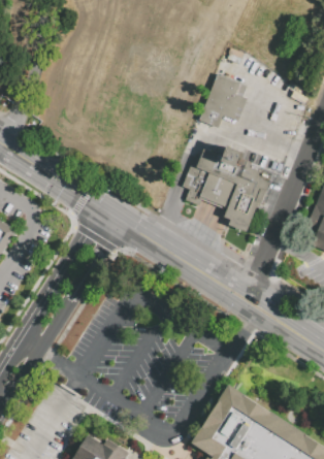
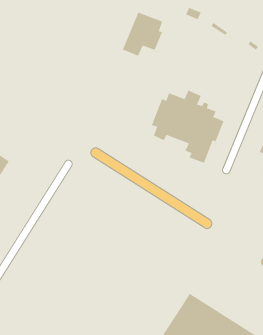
building: [198,74,247,128] -> [122,11,163,57]

